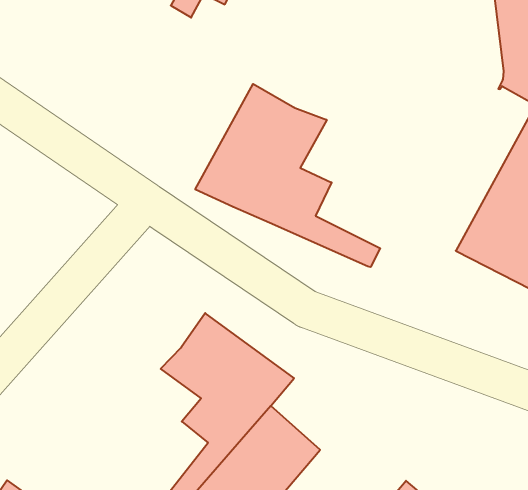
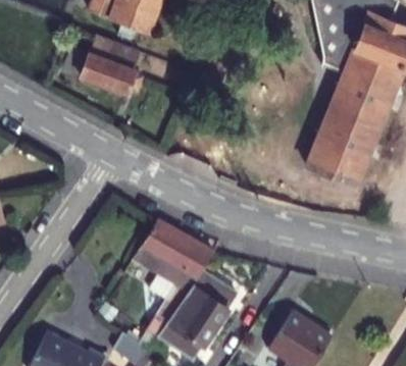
building: none -> [82,40,140,93]
building: [195,84,380,267] -> none

